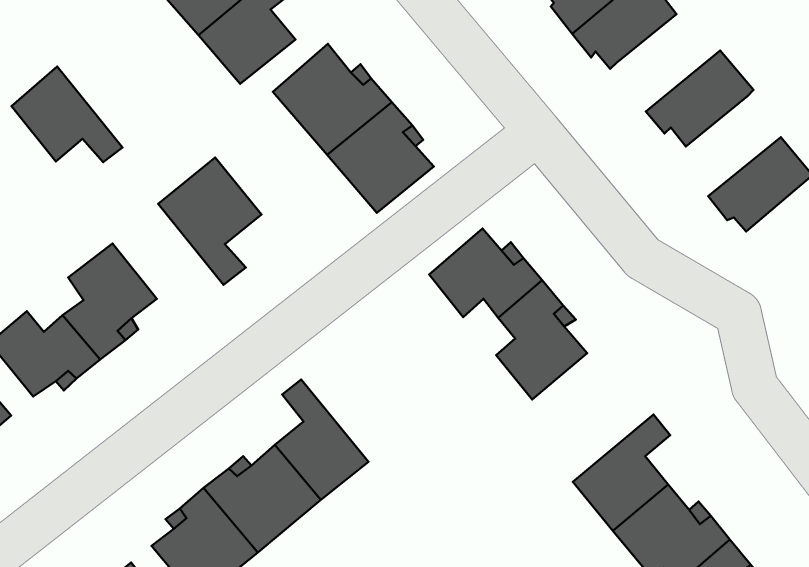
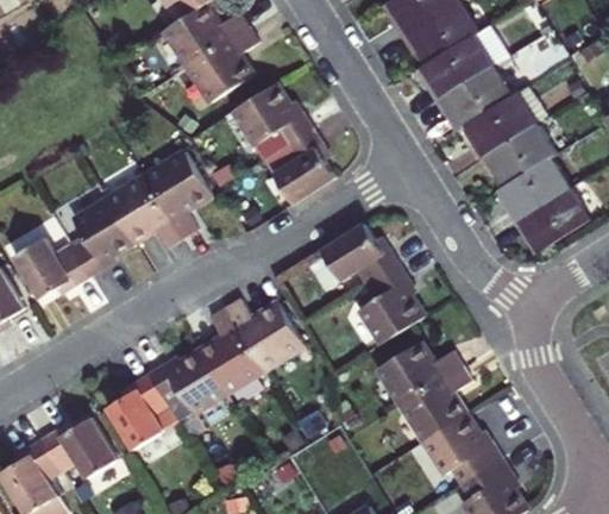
building: none -> [466,92,538,158]
building: [11,67,122,162] -> [108,176,180,245]
building: none -> [501,157,571,221]
building: none -> [224,299,303,370]
building: none -> [376,340,459,402]

